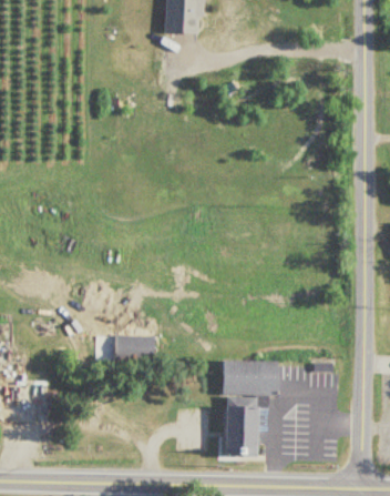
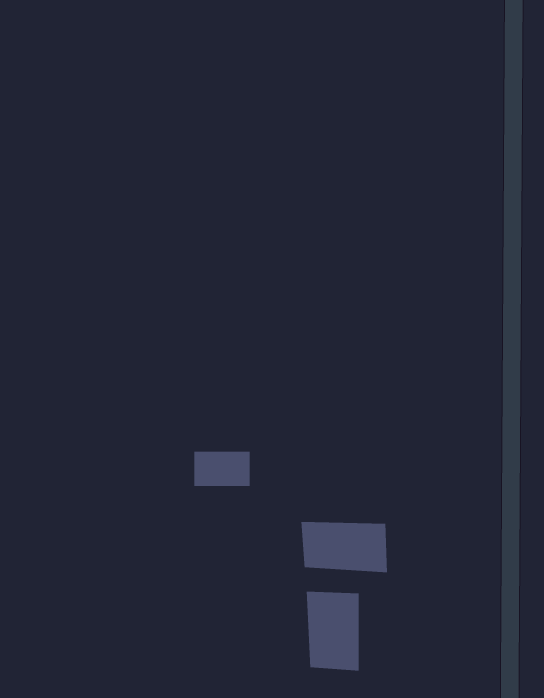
building: [111,335,146,357] -> [193,451,251,487]

